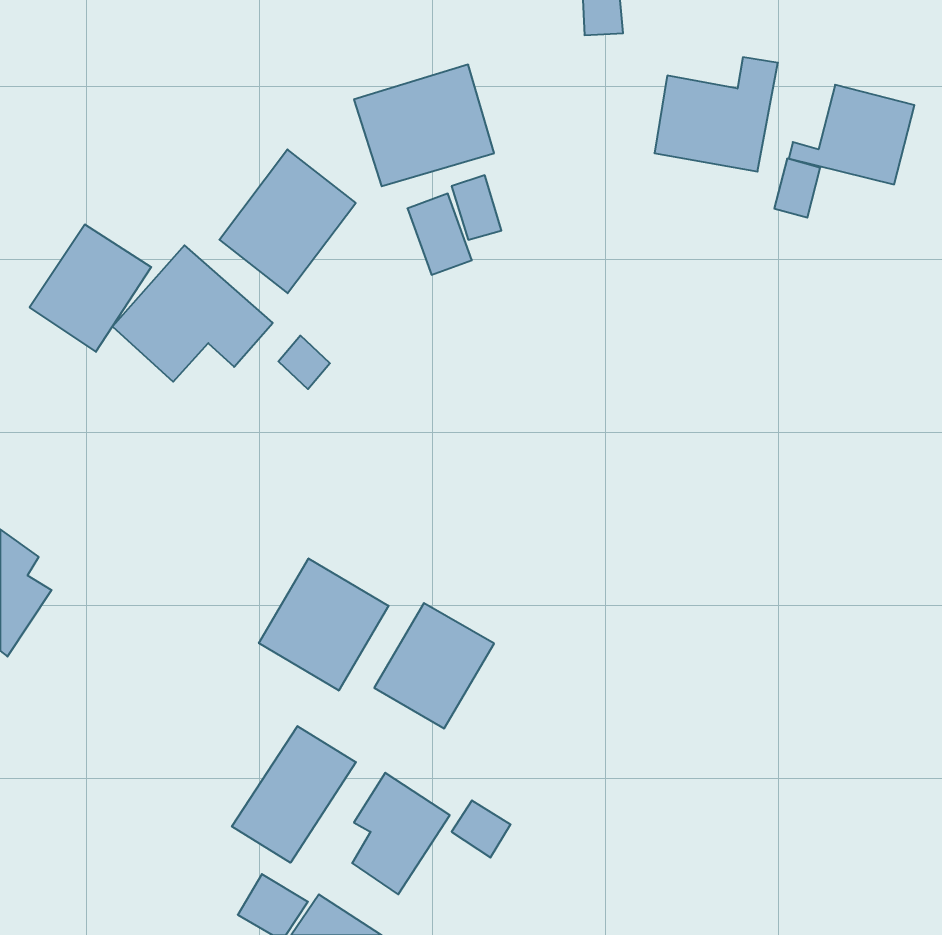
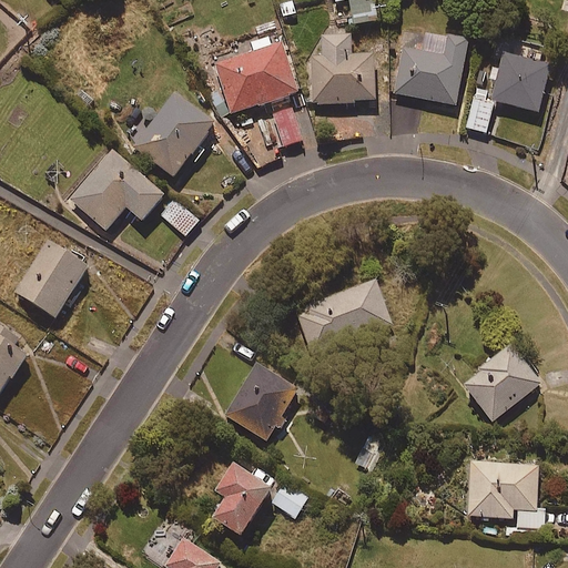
building: none -> [311,26,375,102]
building: [30,225,151,352] -> [14,241,88,317]
building: none -> [294,278,393,354]
building: [259,558,389,691] -> none
building: none -> [462,344,540,422]
building: [232,726,356,863] -> none
building: none -> [468,463,545,535]

